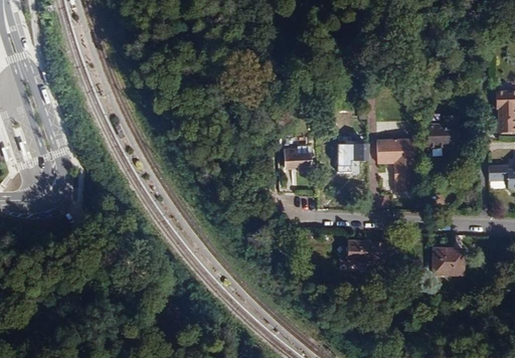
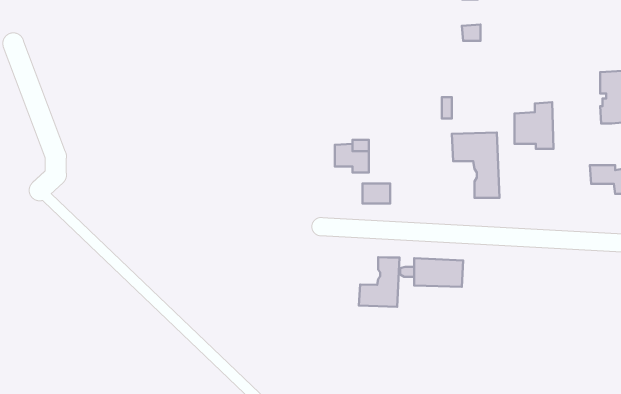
building: [346,145,368,161] -> [362,183,390,204]
building: none -> [359,257,399,307]
building: [433,249,464,275] -> none

